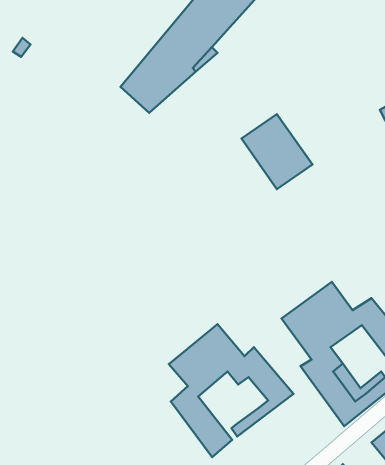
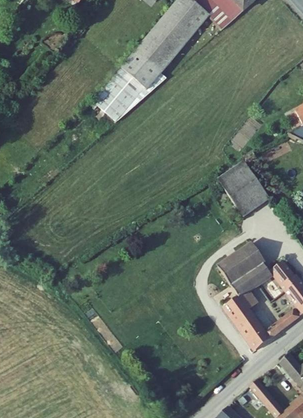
building: [241,114,312,189] -> [214,162,266,217]
building: [169,324,293,457] -> none

